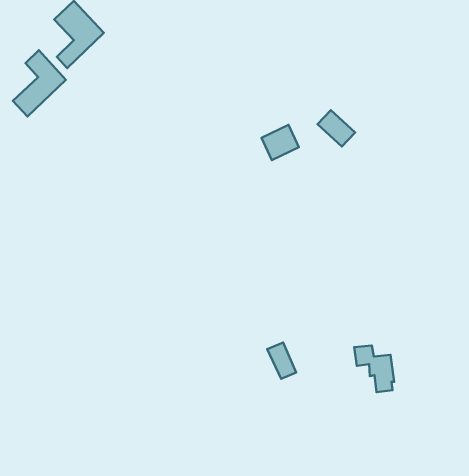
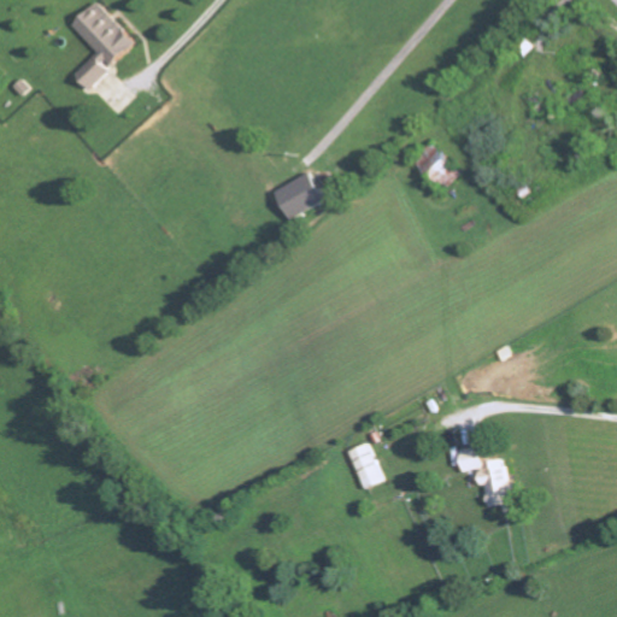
building: [13,50,66,116] -> none
building: [262,125,299,160] -> [272,172,321,218]

